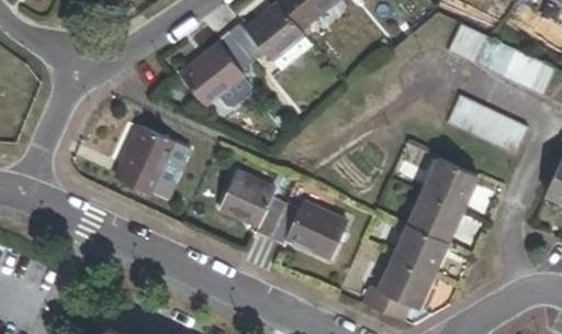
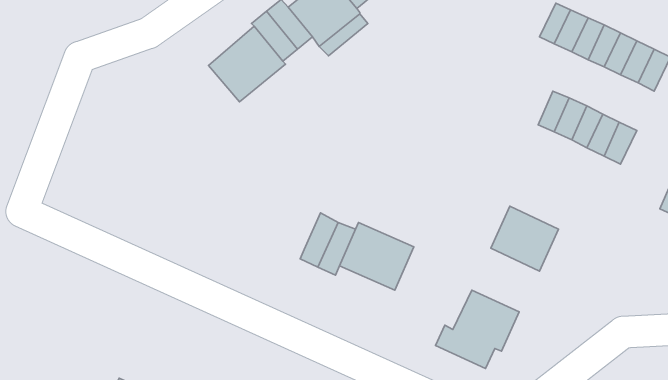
building: [114,125,175,194] -> none
building: [424,158,477,209] -> none
building: [220,174,272,225] -> none
building: [393,224,448,276] -> none

